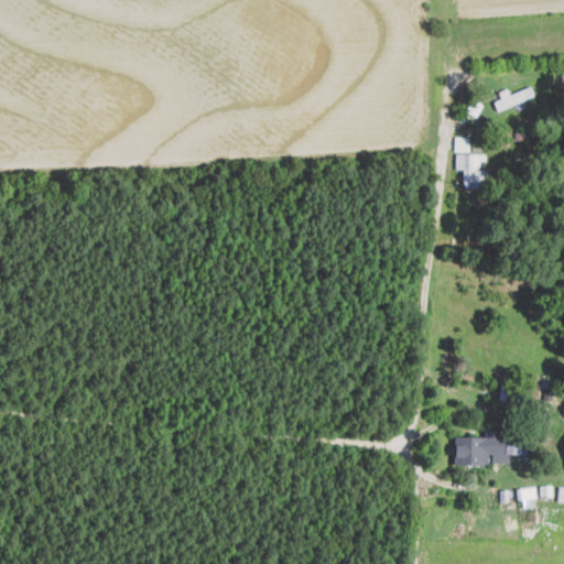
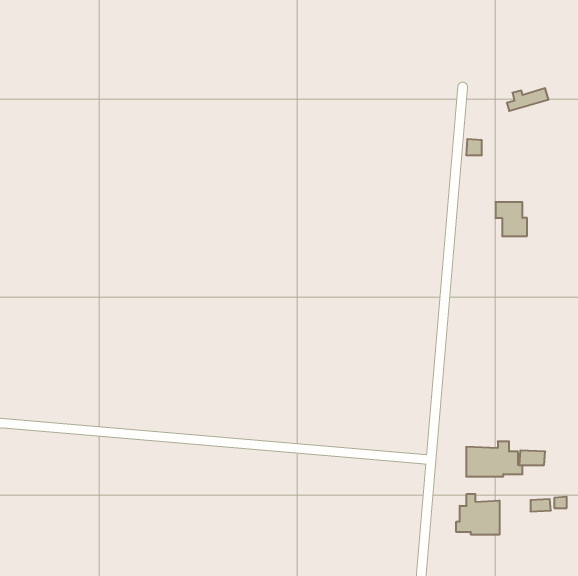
building: [456,155,487,188] -> [495,202,527,236]
building: none -> [456,494,499,535]

